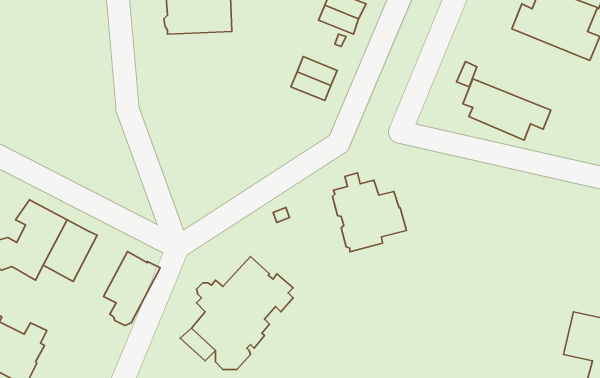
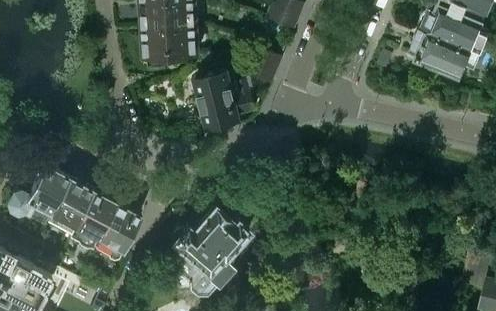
building: none -> [144,29,198,63]
building: [463,79,551,140] -> [412,27,482,76]
building: [332,173,407,252] -> [196,66,255,129]
building: none -> [71,191,114,240]

